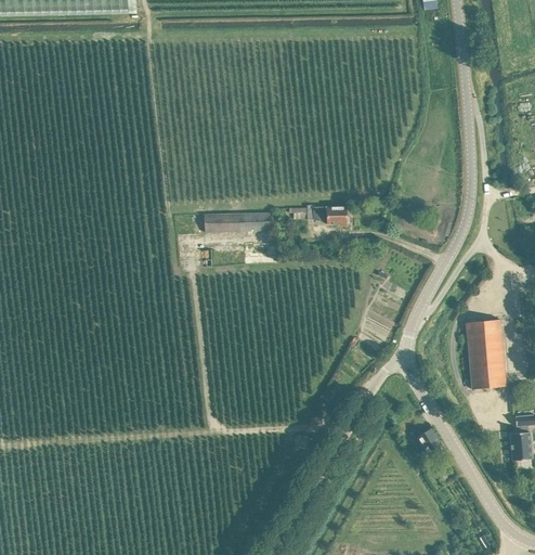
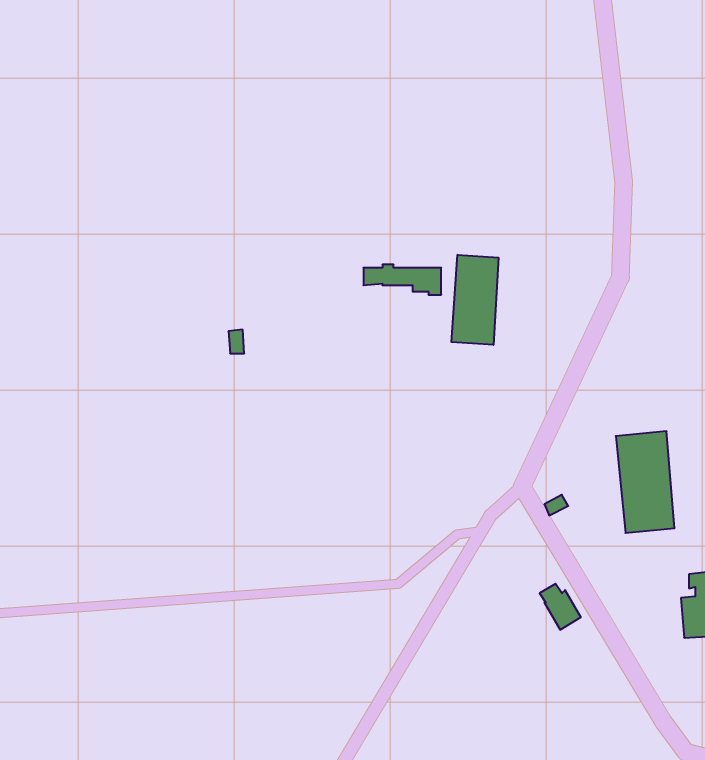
building: none -> [451,255,498,345]
building: [205,214,274,233] -> none

